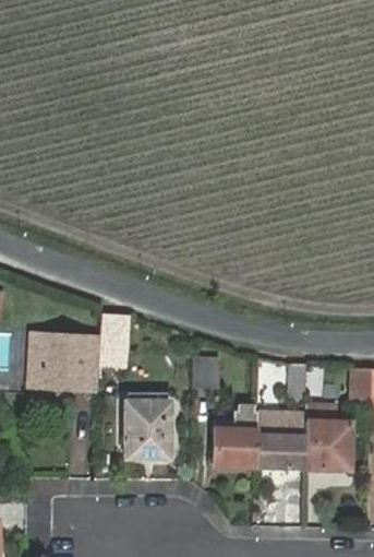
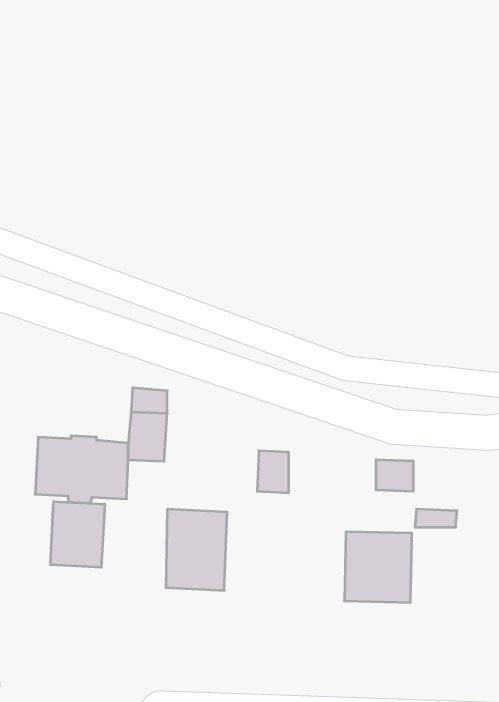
building: none -> [50,501,105,567]
building: [213,404,255,466] -> none
building: [302,423,348,469] -> none

